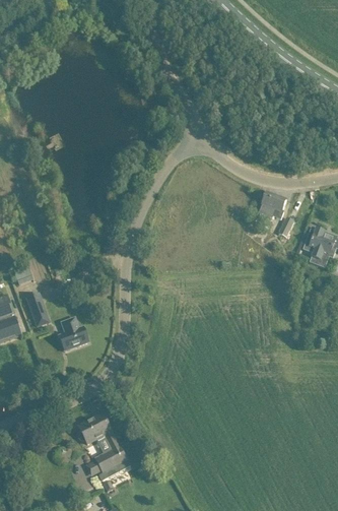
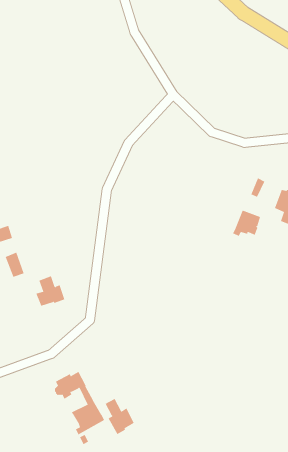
building: [256,191,285,218] -> [232,210,261,237]
building: none -> [105,398,136,435]

